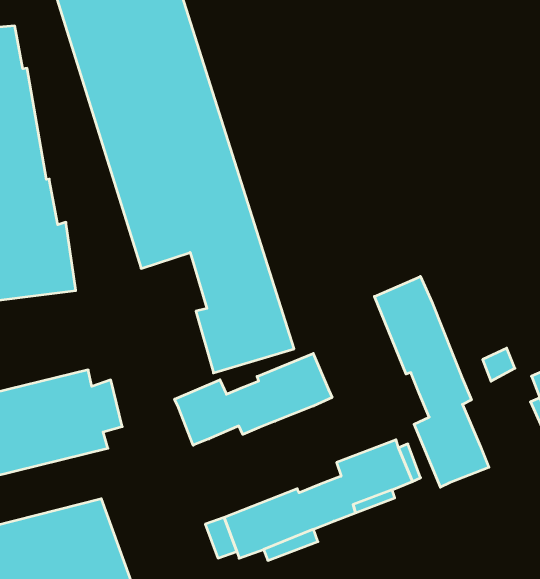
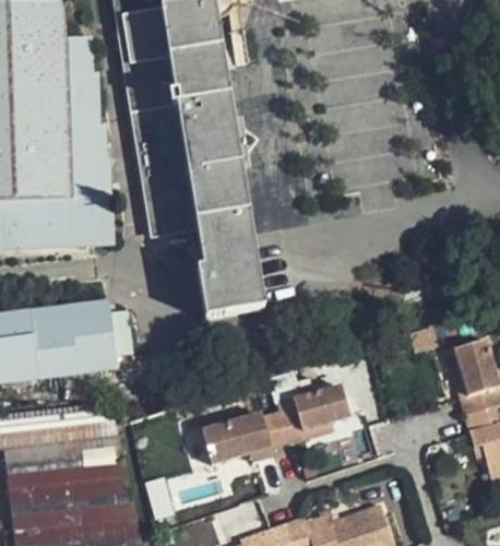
building: [374,276,489,487] -> none
building: [175,353,332,445] -> none

